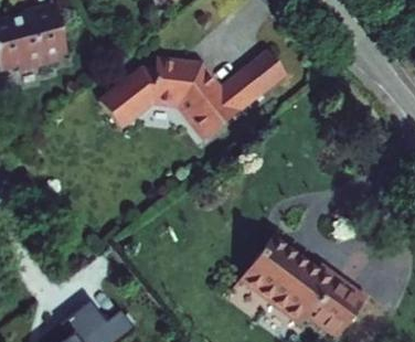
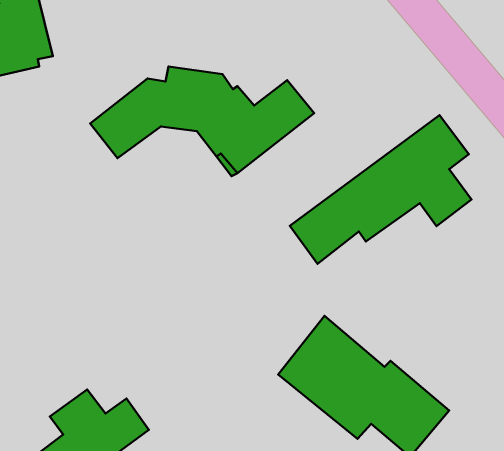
building: [244,50,287,92] -> none
building: none -> [290,115,472,264]

